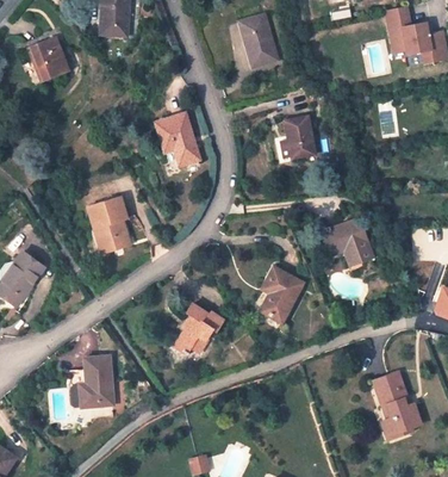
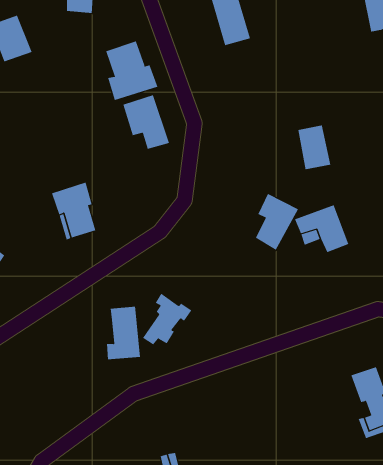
building: none -> [105,40,158,101]
building: [284,116,316,159] -> [297,125,331,170]
building: [261,267,303,322] -> [255,193,299,250]
building: [80,355,113,407] -> [106,306,141,360]

